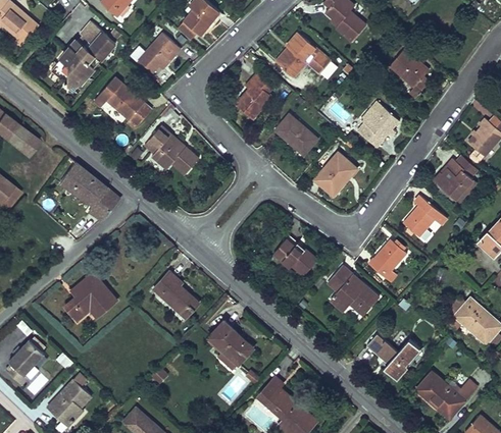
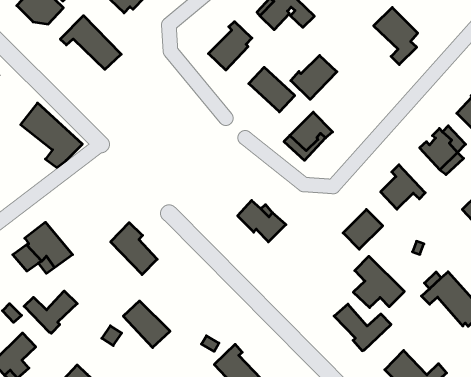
building: [355,107,398,149] -> [291,55,337,99]
building: [145,124,198,173] -> none
building: [330,266,378,314] -> [353,256,404,308]
building: [208,320,253,363] -> [123,301,170,348]
building: none -> [24,291,77,333]

